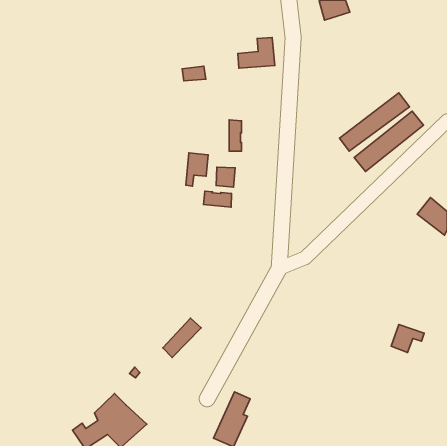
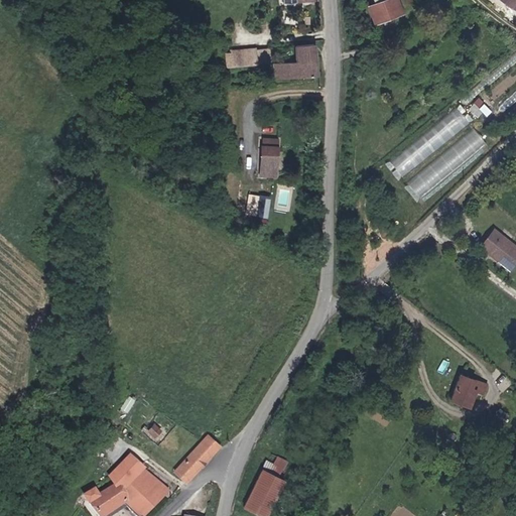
building: [182,66,206,81] -> [229,49,256,67]
building: [186,153,208,186] -> none
building: [203,191,232,207] -> none
building: [163,318,201,357] -> [175,435,220,481]

